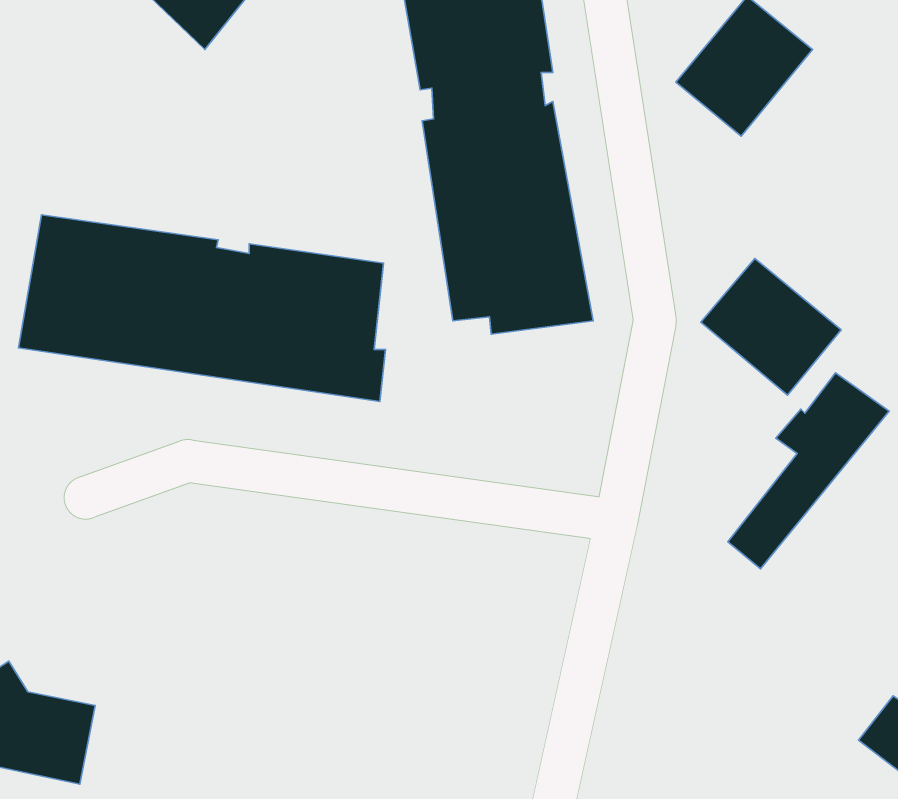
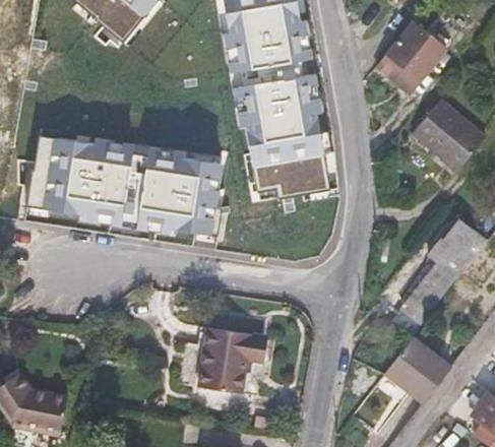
building: [701,259,841,395] -> [411,99,485,171]
building: none -> [197,327,263,393]
building: none -> [384,336,450,402]

